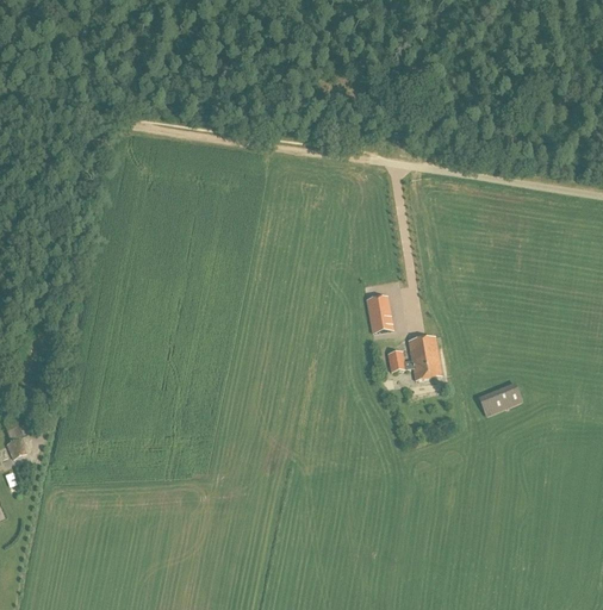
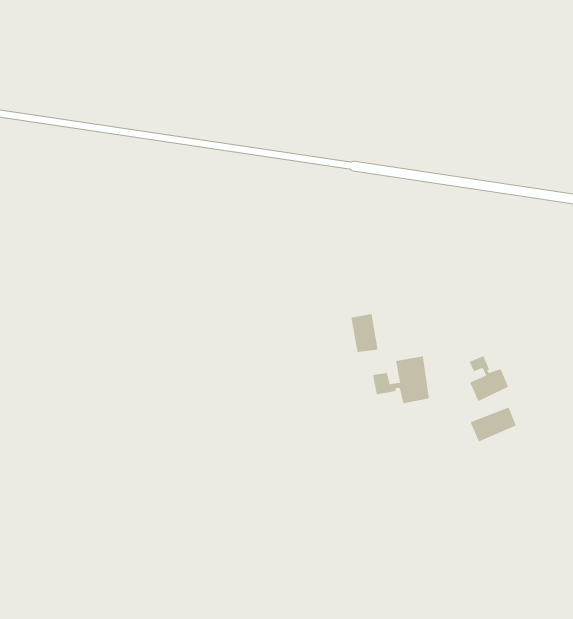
building: none -> [469,355,509,402]

